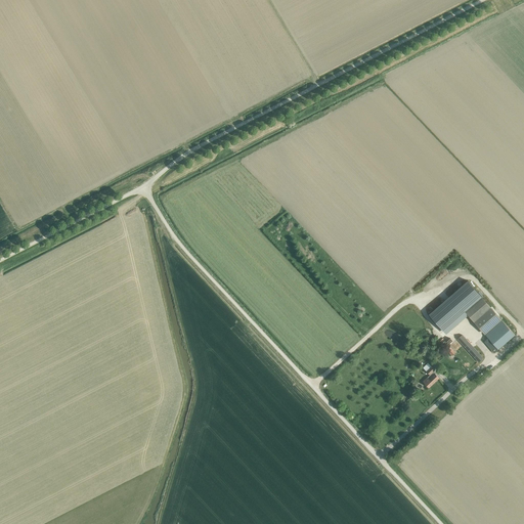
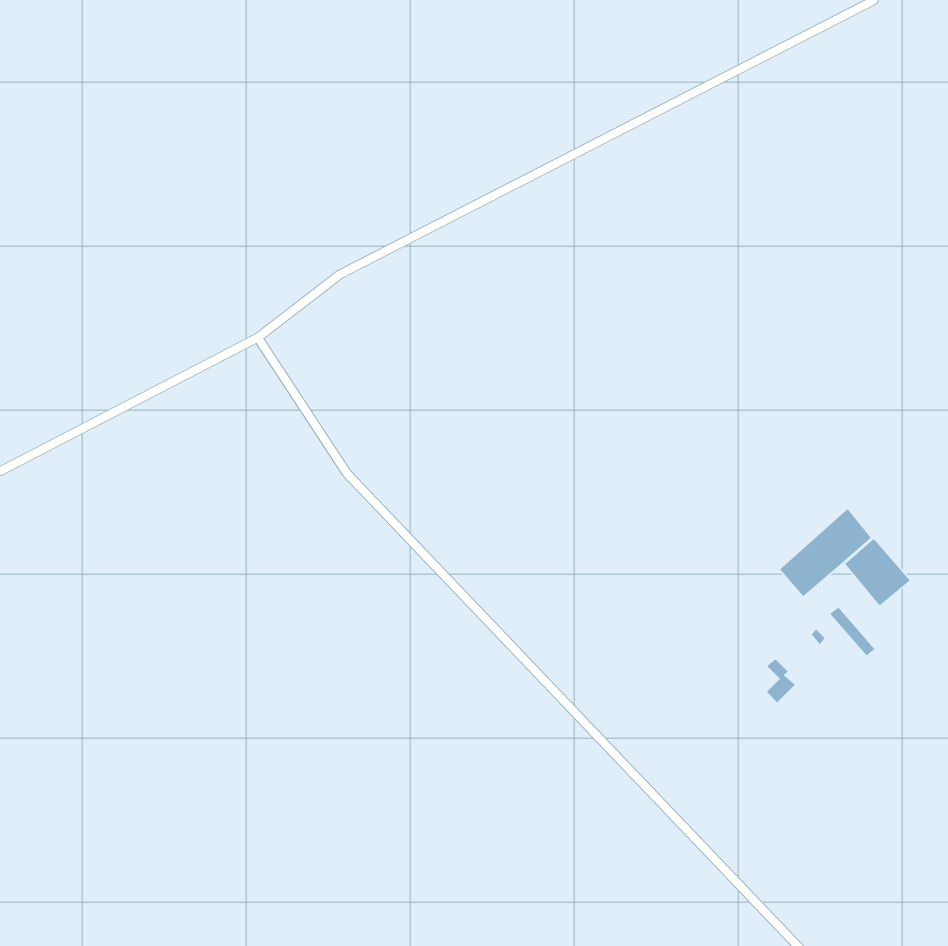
building: [484,321,515,354] -> none

